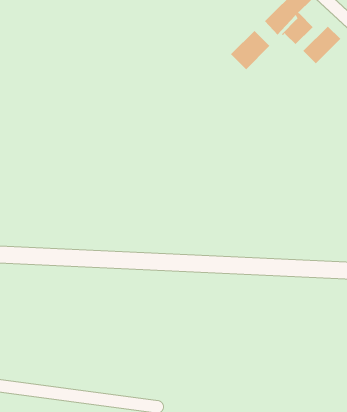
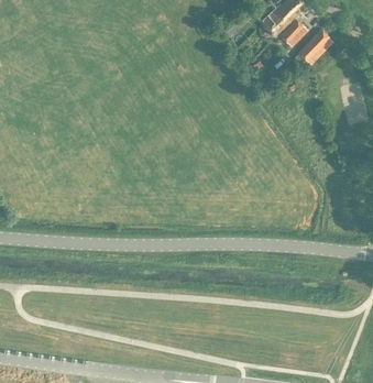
building: [230,30,270,70] -> none

